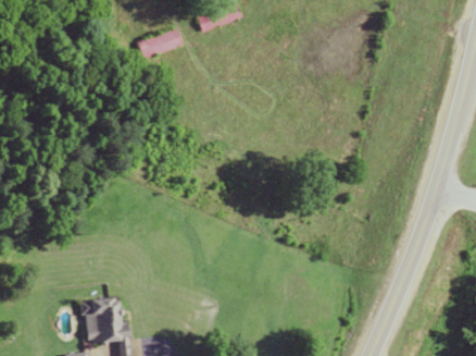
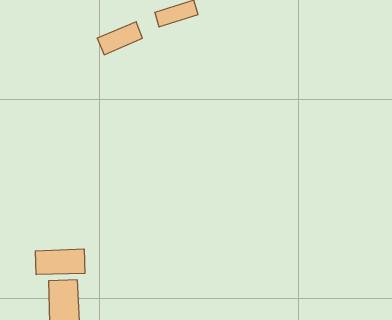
building: none -> [35,249,85,275]

